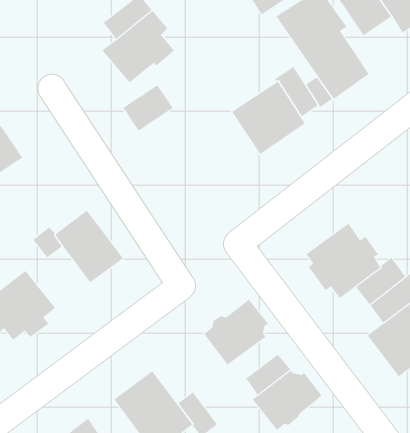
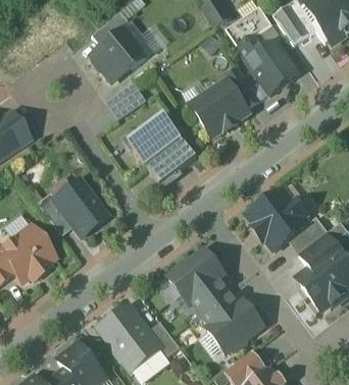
building: none -> [129,115,197,184]
building: none -> [192,279,228,312]

